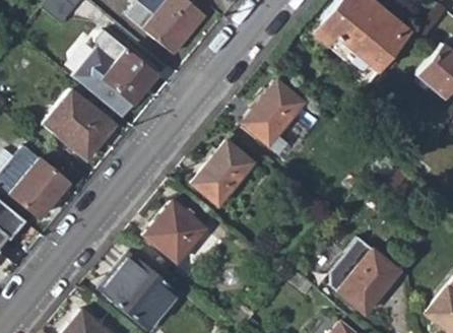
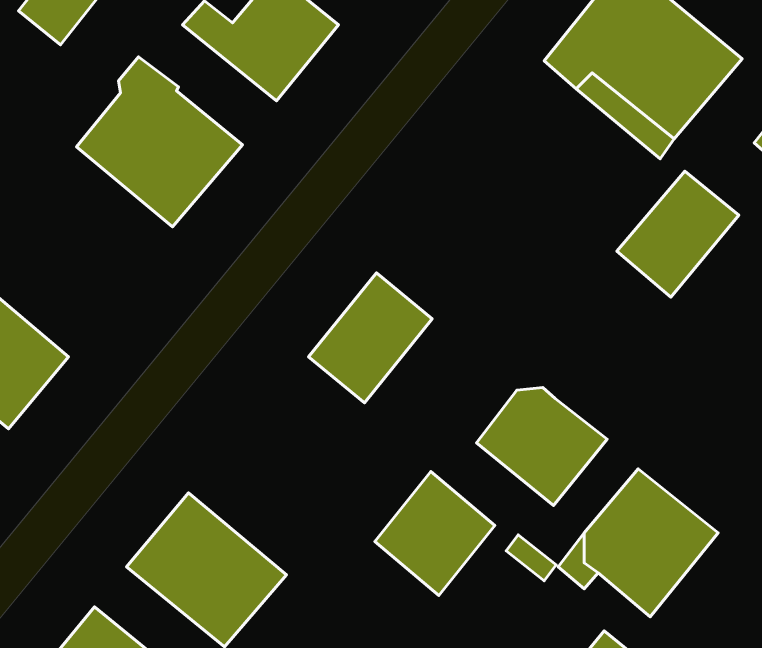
building: [242,80,304,144] -> [617,171,739,297]
building: [42,89,116,161] -> none
building: none -> [477,387,607,506]
building: [144,200,205,263] -> [375,472,495,596]

